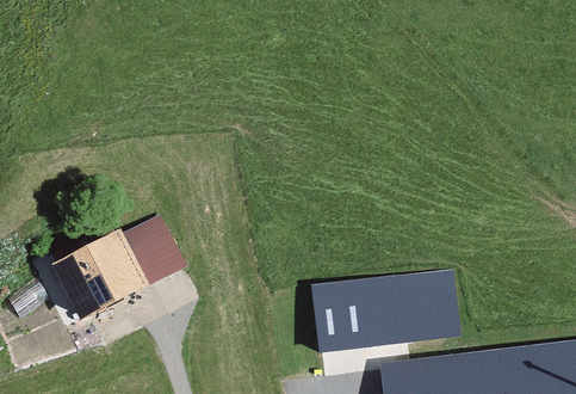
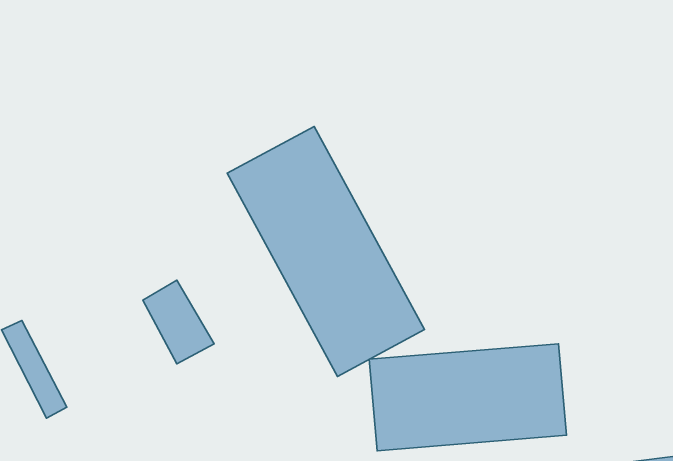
building: none -> [227,126,424,376]
building: [74,233,169,320] -> none

